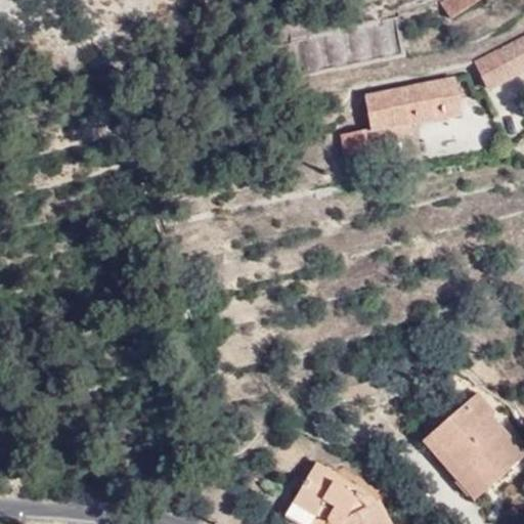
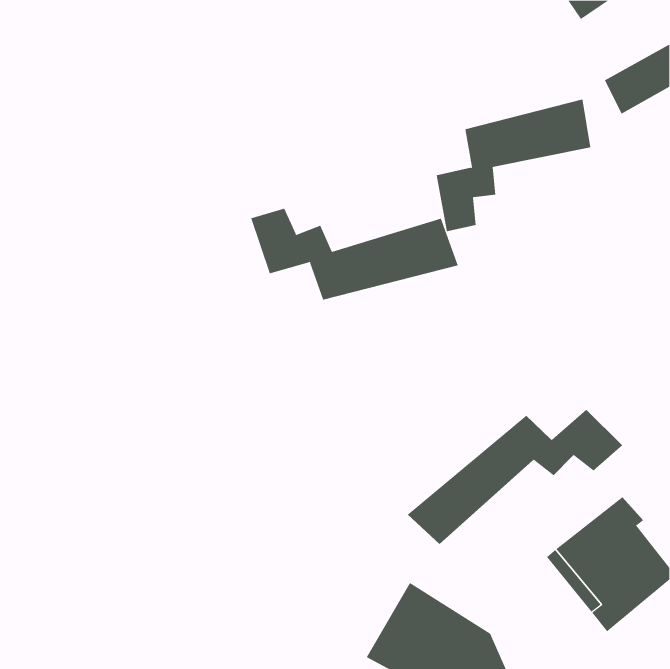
building: none -> [250,208,459,301]
building: none -> [407,409,623,545]

